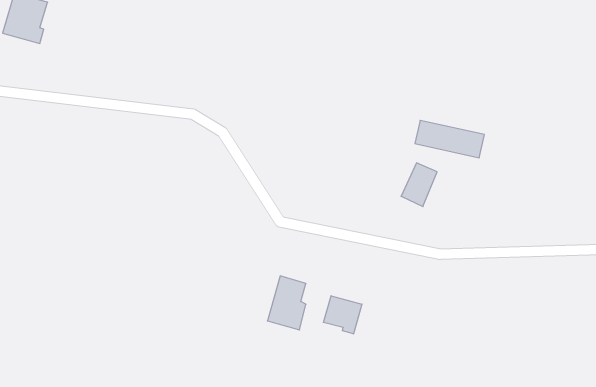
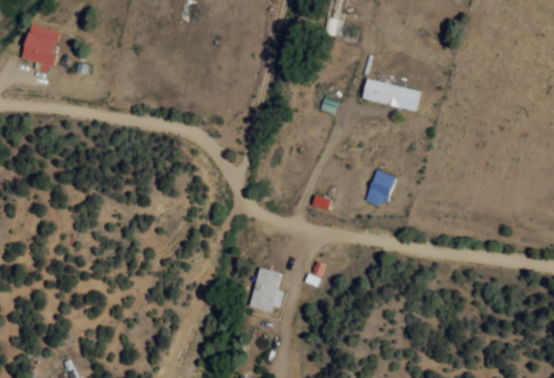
building: [415,120,484,158] -> [362,78,421,111]
building: [323,296,362,334] -> none

